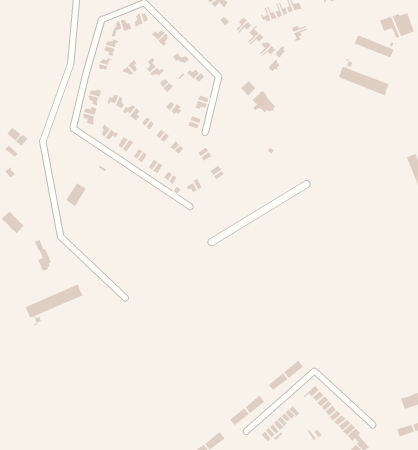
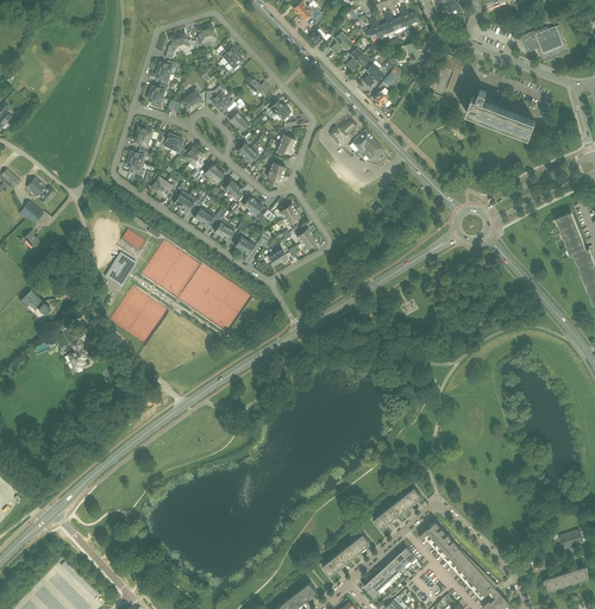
building: [353,34,397,59] -> none
building: [25,283,84,327] -> none

